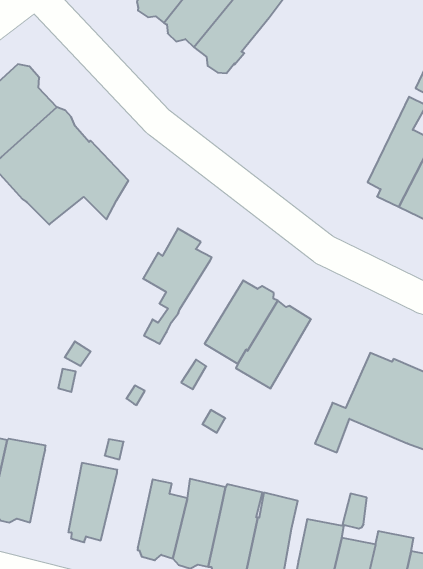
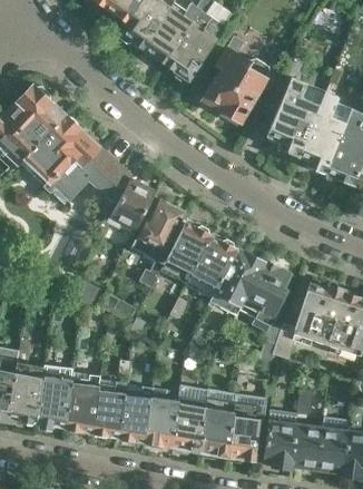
building: none -> [208,35,271,123]
building: none -> [267,77,321,156]
building: none -> [97,166,155,233]
building: none -> [160,222,212,284]
building: none -> [237,260,292,360]
building: none -> [65,350,105,432]
building: none -> [118,384,154,442]

